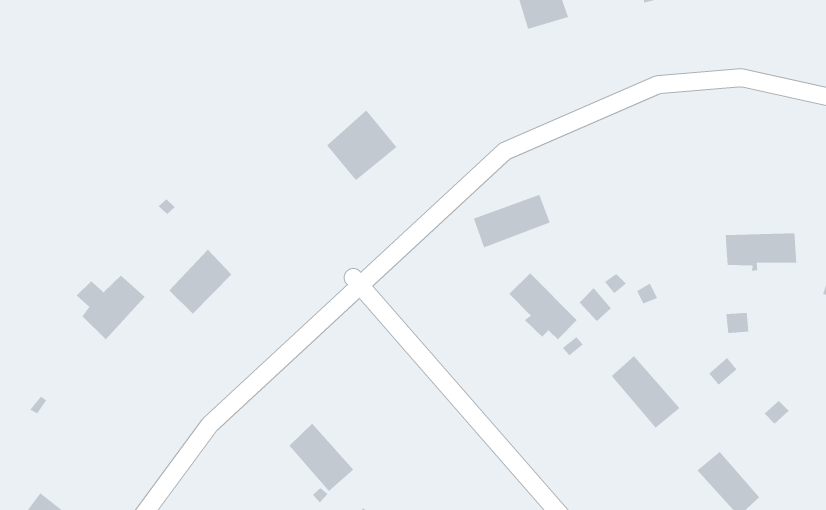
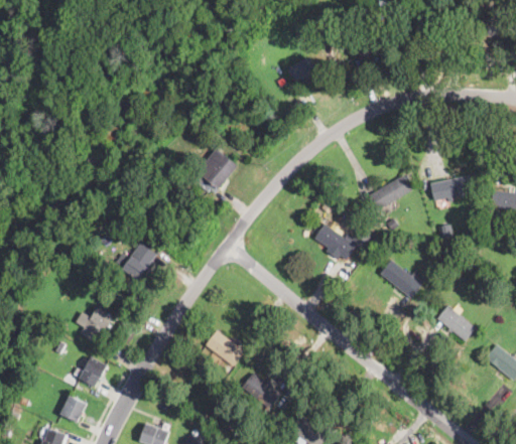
building: [473,194,551,249] -> [368,175,412,211]
building: [76,275,146,340] -> [76,306,115,344]
building: none -> [80,355,108,388]

